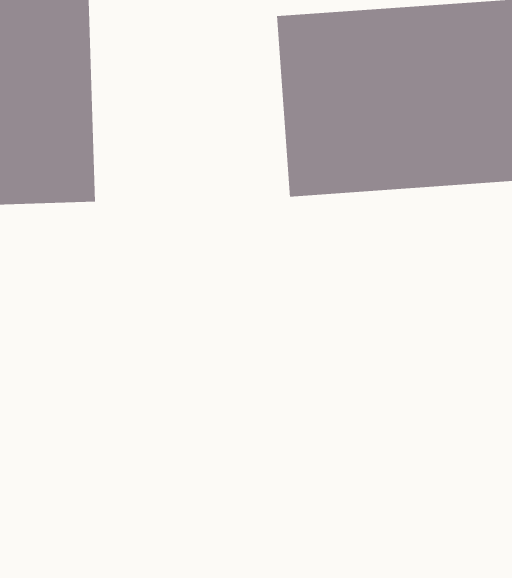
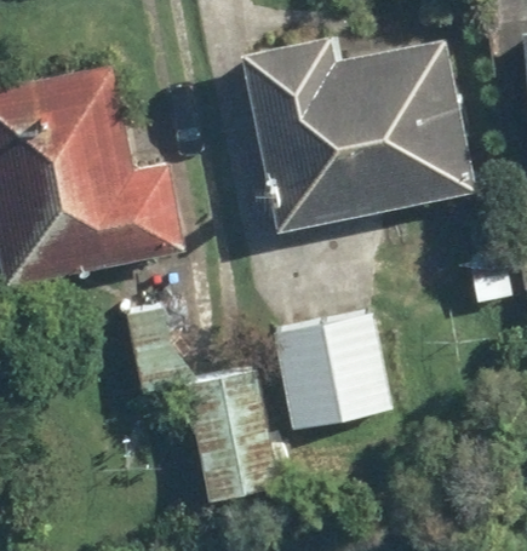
building: none -> [270,309,393,429]
building: none -> [187,374,280,499]

